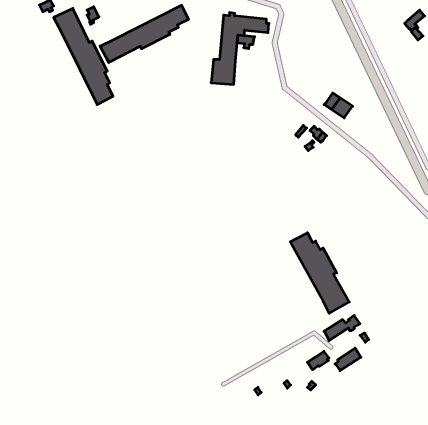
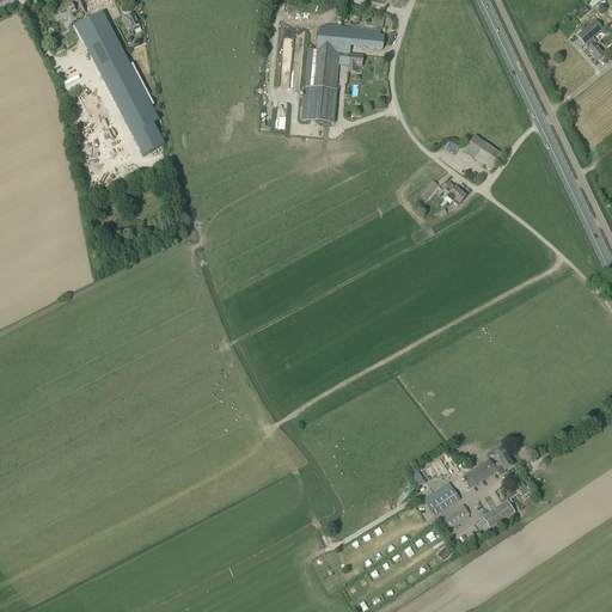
building: [100,5,188,63] -> none
building: [290,233,349,313] -> none
building: none -> [423,479,460,514]

